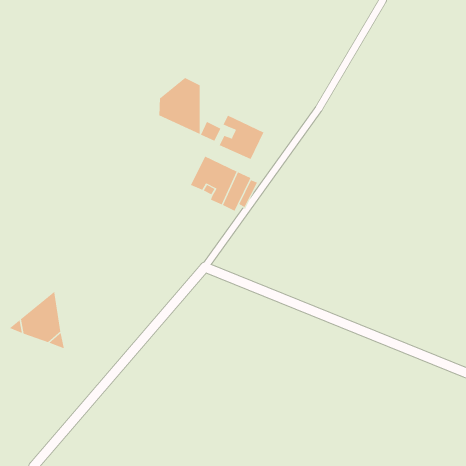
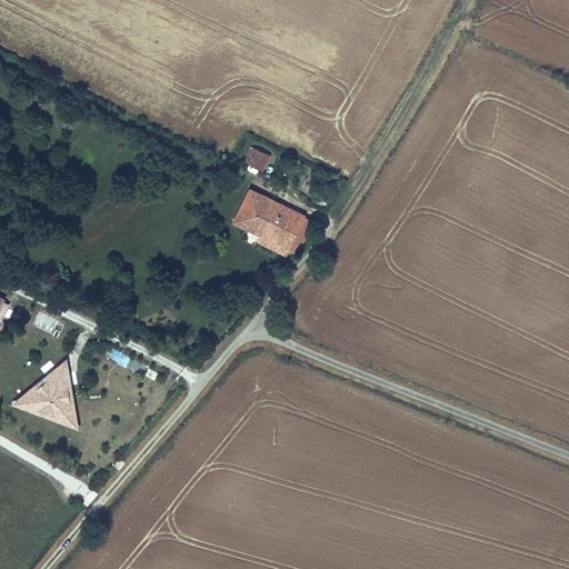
building: [159,77,200,135] -> none
building: [219,115,264,160] -> none

